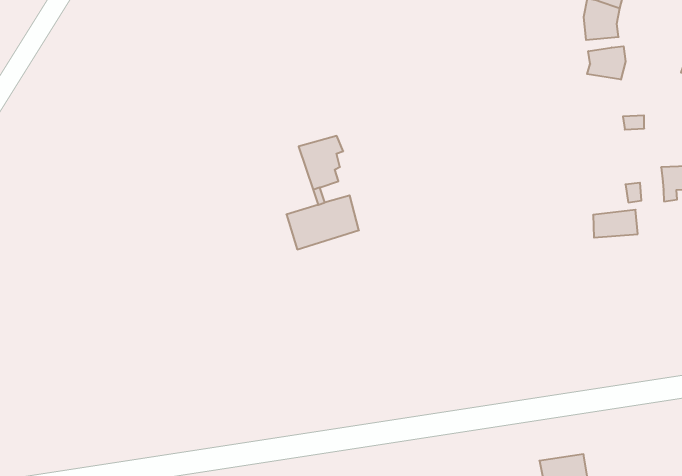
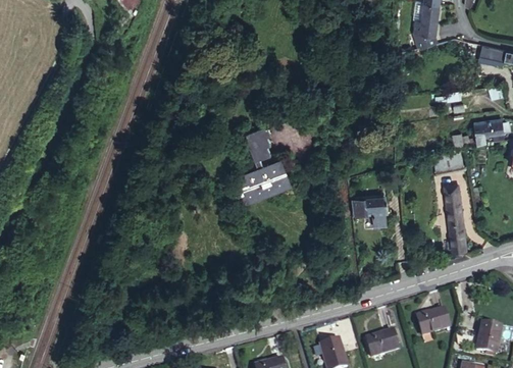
building: [587,46,626,80] -> none
building: none -> [444,186,466,252]
building: none -> [351,195,388,226]

